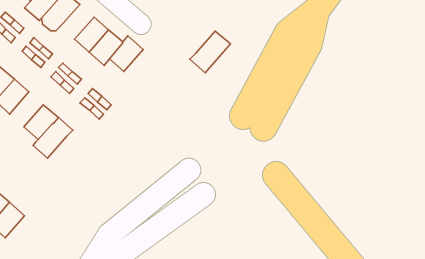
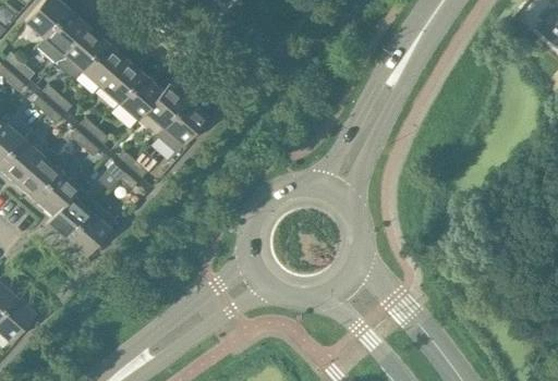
building: none -> [82,44,125,88]
building: [190,31,230,73] -> [156,101,208,155]
building: none -> [16,149,65,200]
building: none -> [65,205,118,258]

